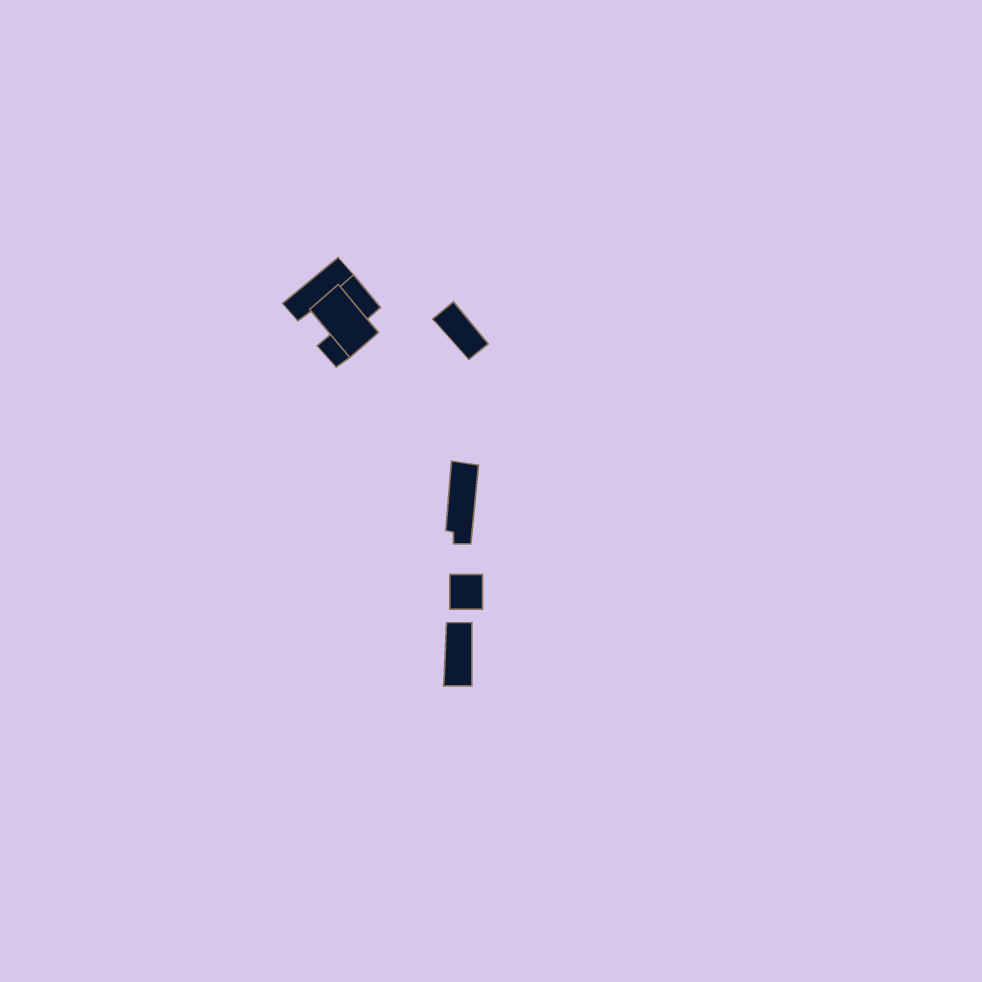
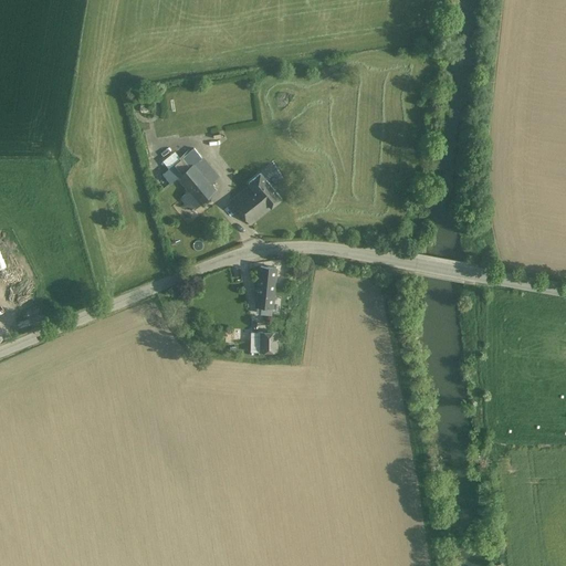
building: none -> [231,186,271,226]
building: [444,623,472,686] -> none

